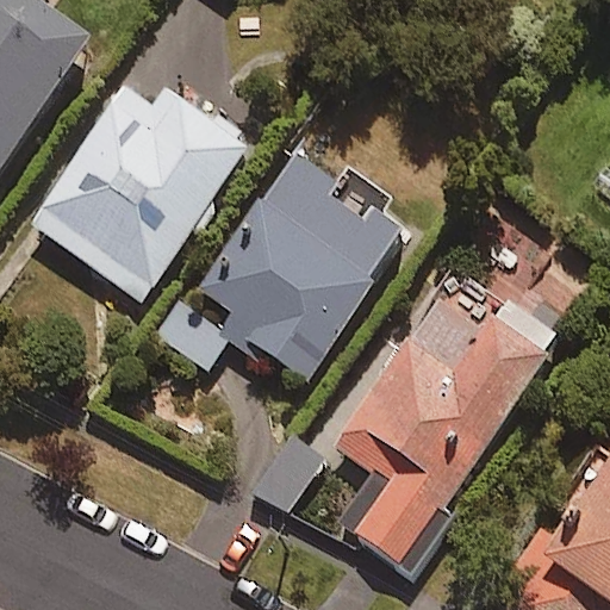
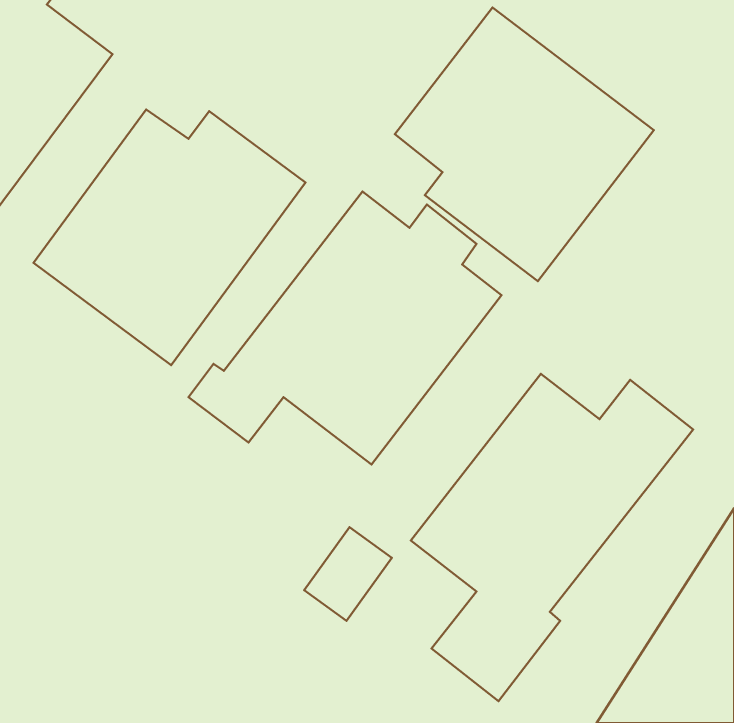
building: none -> [395,8,654,281]

